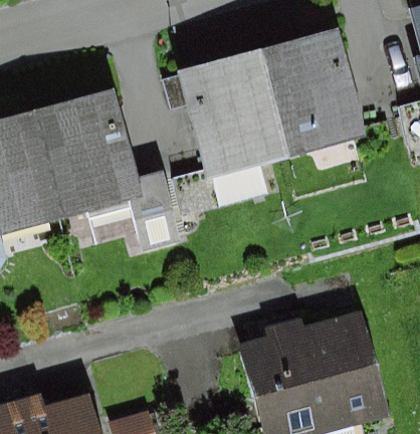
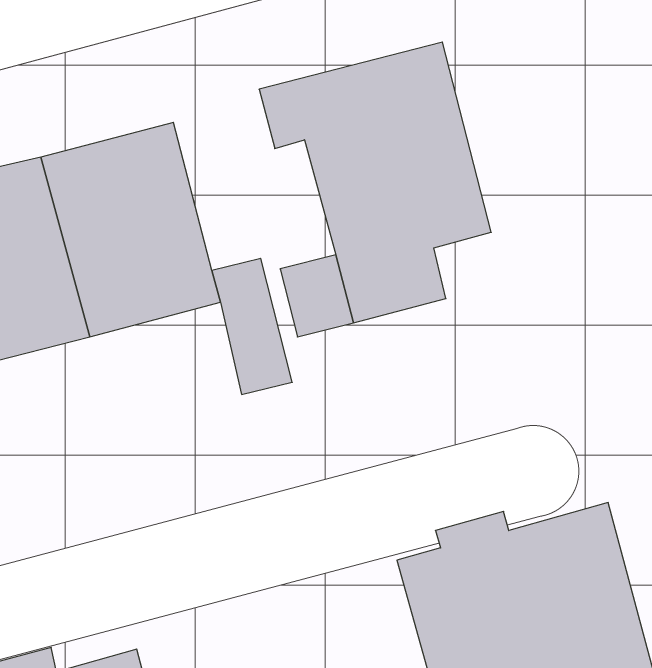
building: [266,31,366,157] -> none

